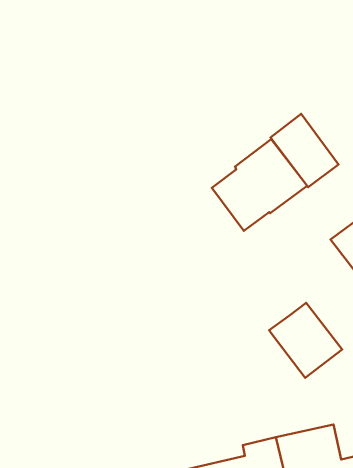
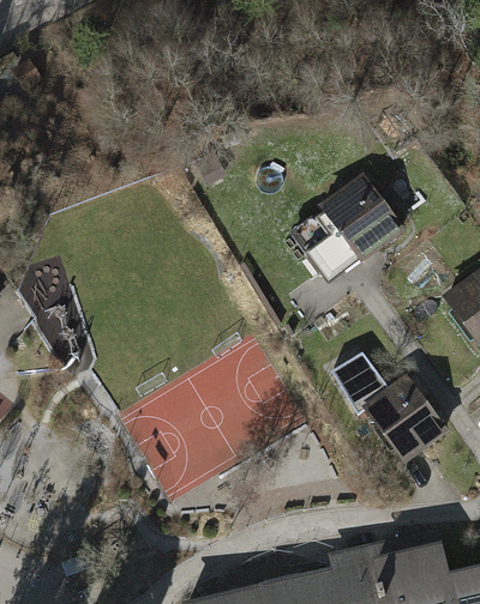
building: [271,114,339,187] -> none
building: none -> [334,356,388,418]

